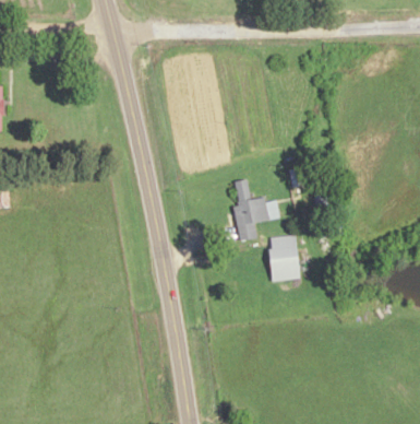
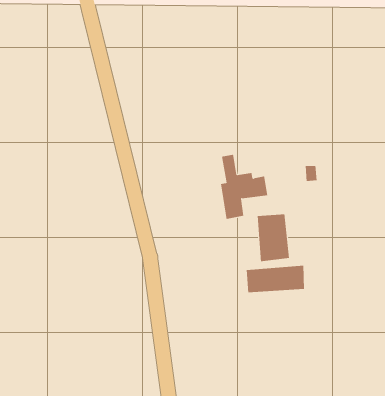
building: none -> [246,265,304,293]

